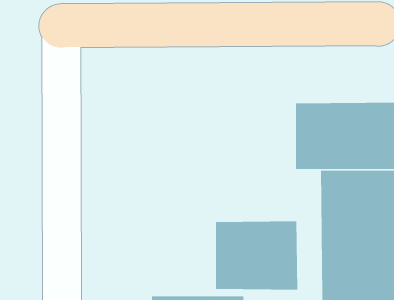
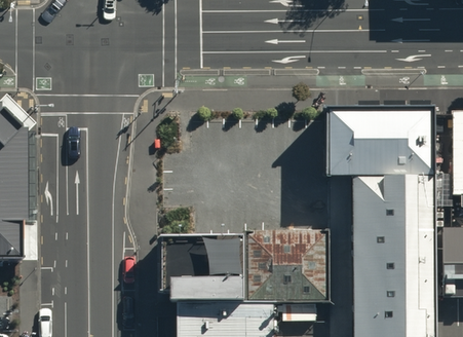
building: none -> [156,238,243,304]

